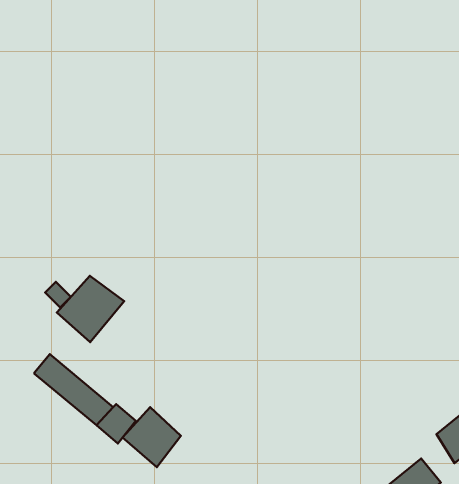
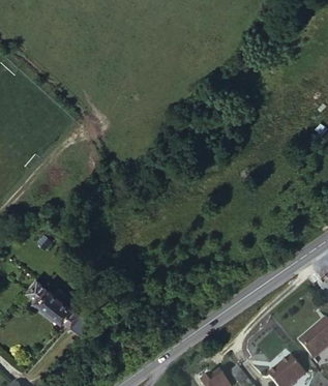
building: [57,276,124,342] -> none
building: [122,407,181,467] -> none

